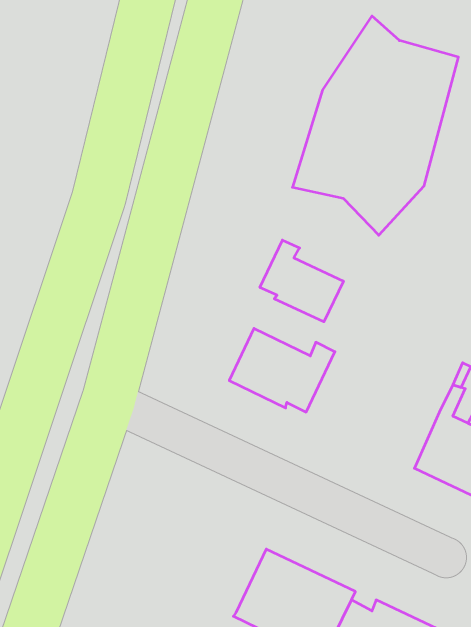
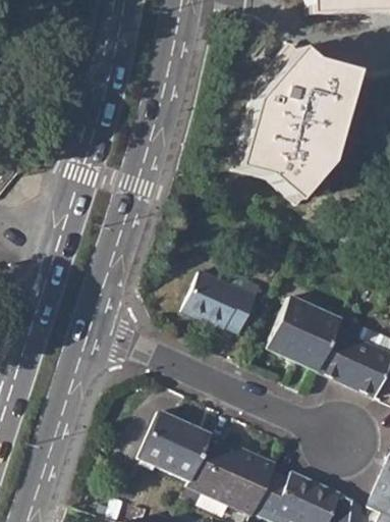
building: [260,240,343,322] -> none
building: none -> [273,299,349,376]
building: none -> [143,411,216,483]

